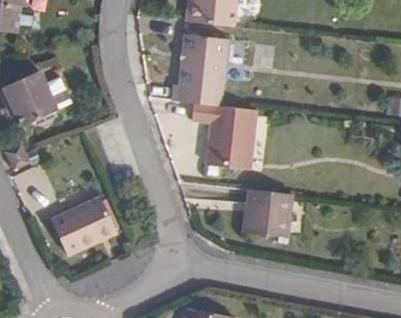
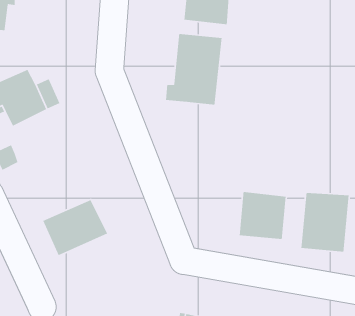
building: [193,103,257,170] -> none
building: none -> [301,192,350,253]

